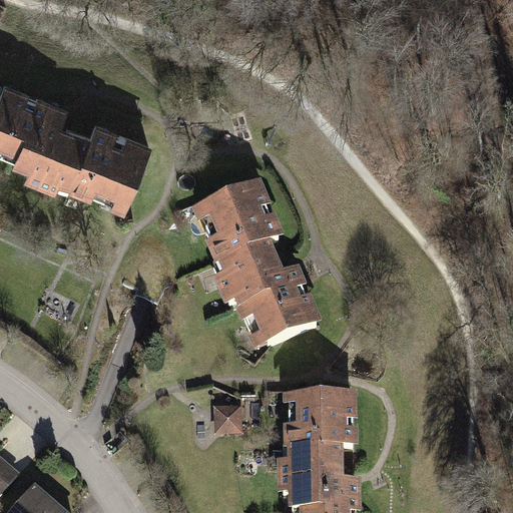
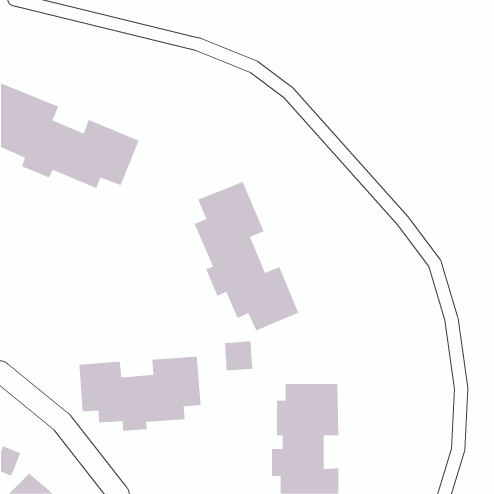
building: none -> [79,356,201,432]
building: [217,404,247,435] -> [224,341,253,371]

